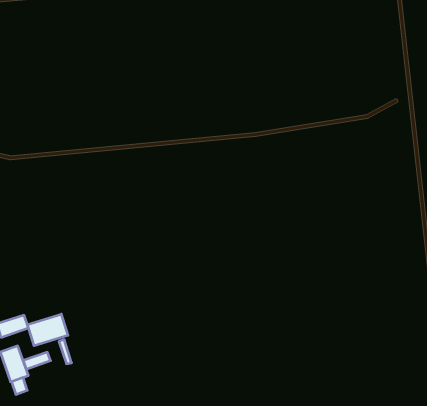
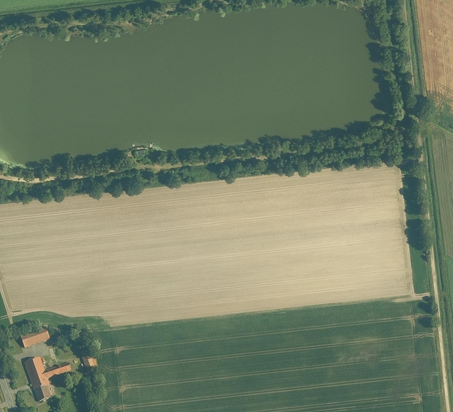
building: [27,314,68,346] -> none

